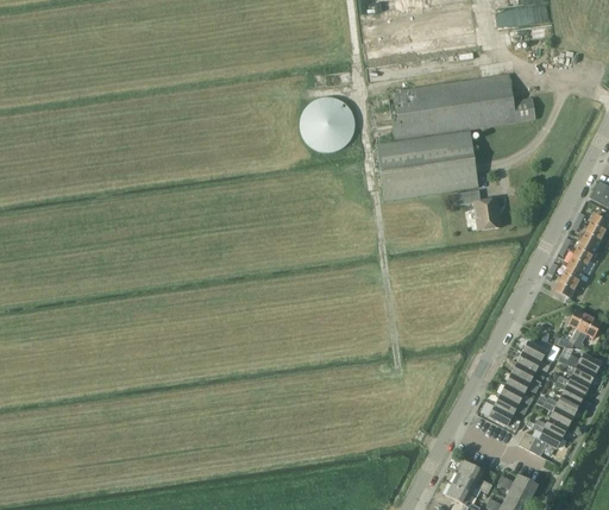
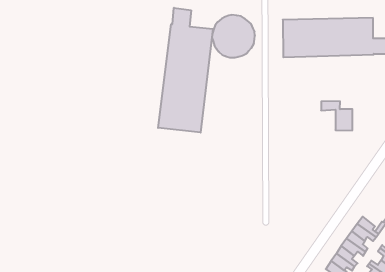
building: none -> [158,8,213,133]
building: [376,131,477,201] -> none

